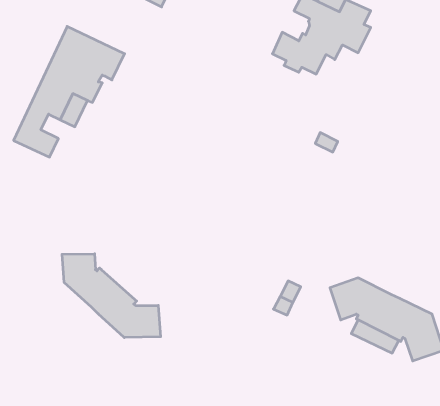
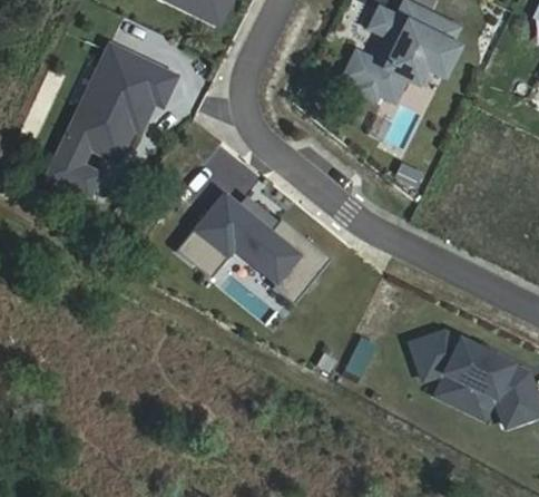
building: none -> [175,191,330,304]
building: [62,254,161,338] -> none

